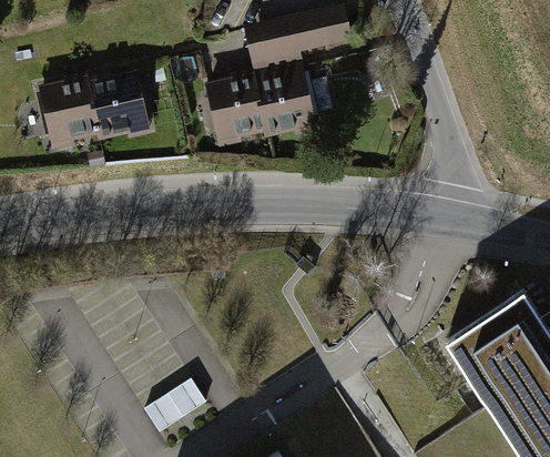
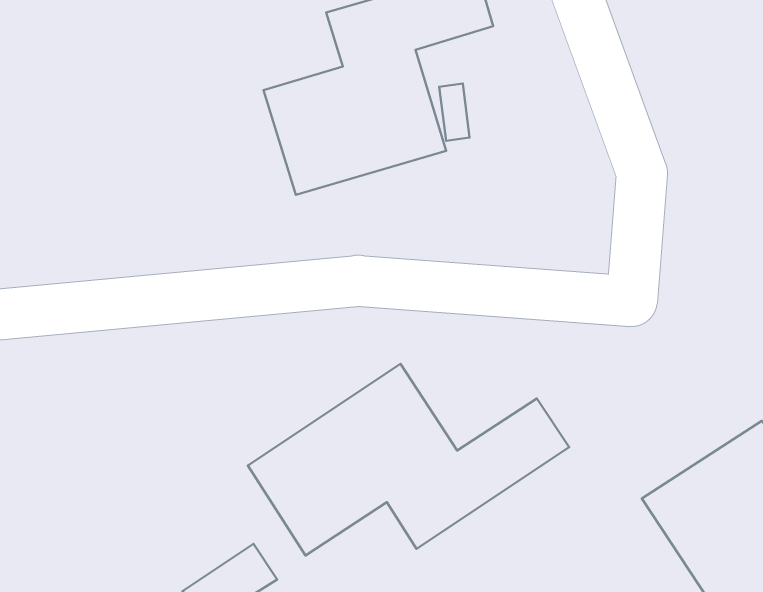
building: [37,67,151,156] -> none
building: none -> [248,364,569,556]

